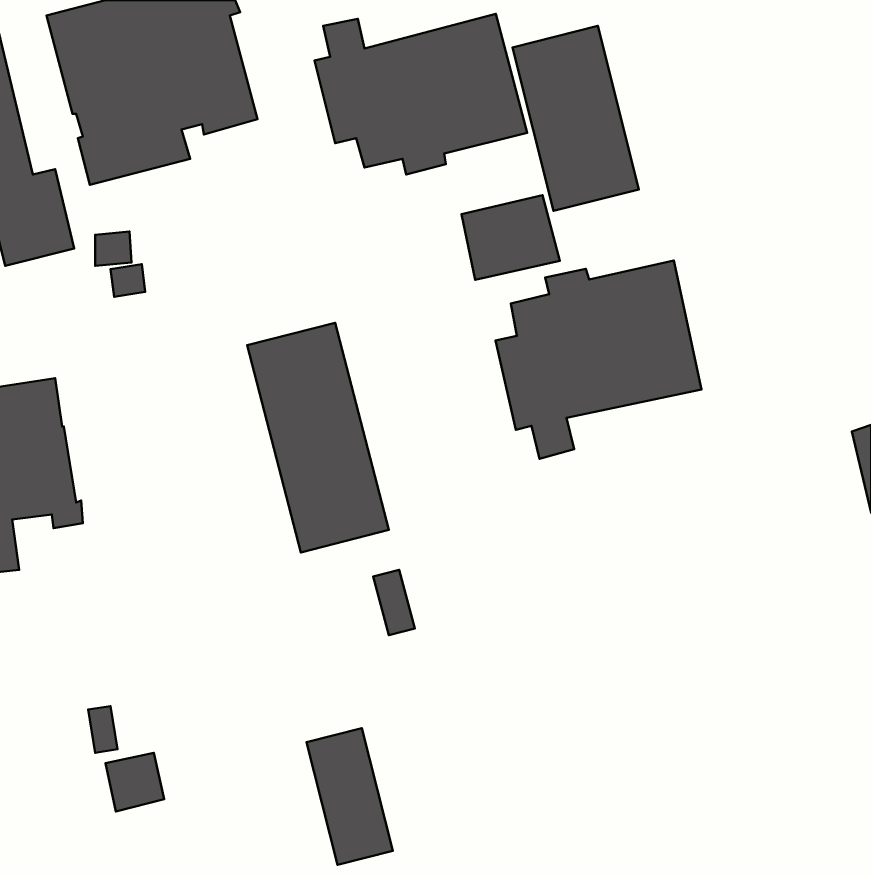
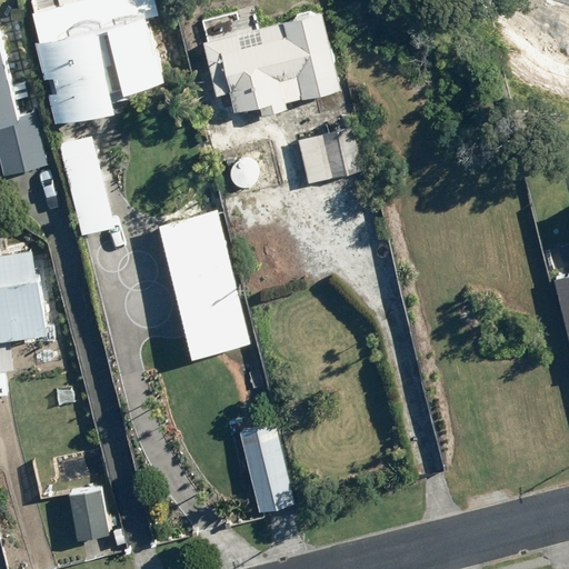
building: [513,26,639,211] -> none
building: [496,261,701,459] -> none
building: [306,728,393,865] -> [238,425,293,512]

